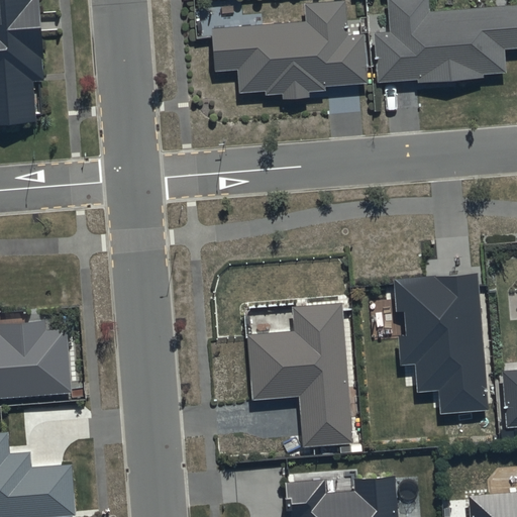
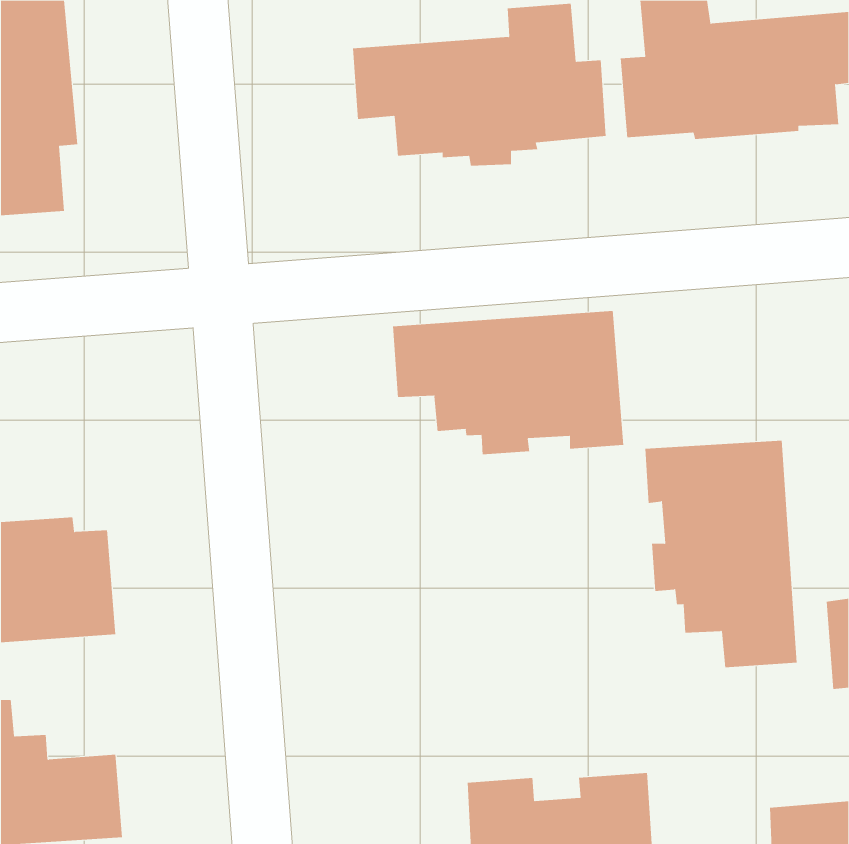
building: none -> [392,310,624,455]
building: [247,299,351,443] -> none

